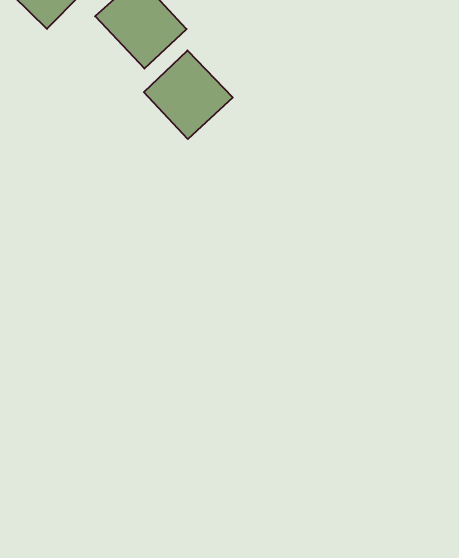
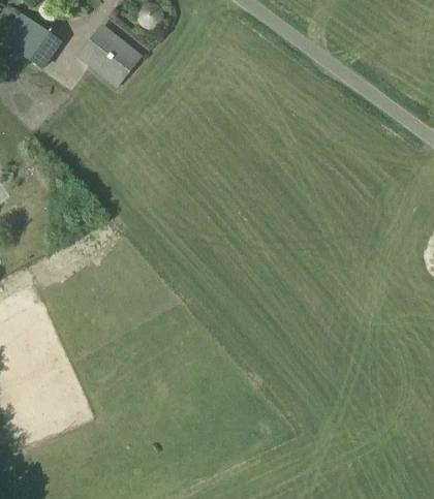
building: [144,50,233,139] -> none

